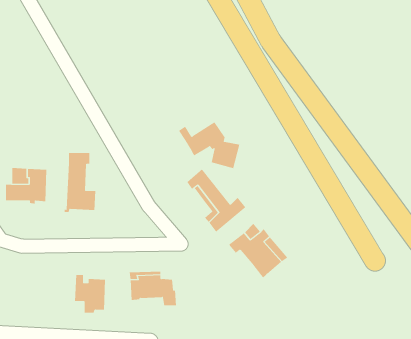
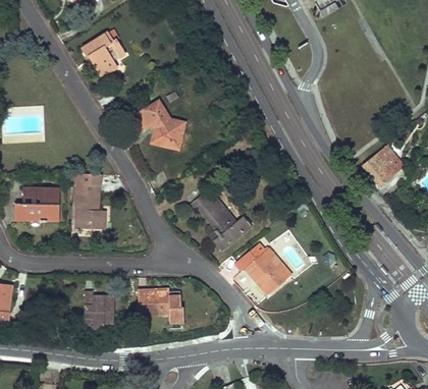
building: none -> [82,32,124,76]
building: none -> [363,141,398,185]
building: [178,122,240,169] -> [122,100,182,146]

